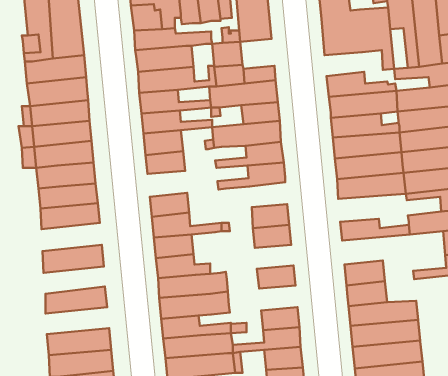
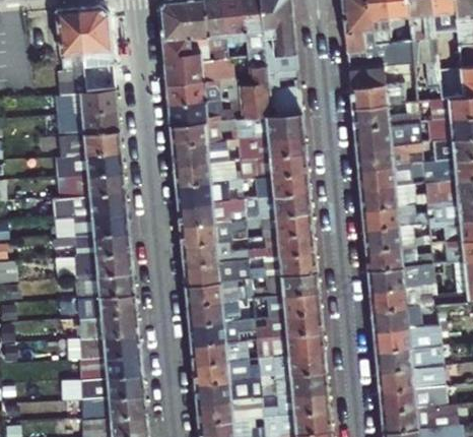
building: none -> [350,88,407,114]
building: none -> [178,206,247,232]
building: none -> [248,217,314,245]
building: none -> [363,230,431,256]
building: none -> [74,257,133,285]
building: none -> [367,268,435,298]
building: none -> [252,278,320,305]
building: none -> [76,300,136,326]
building: none -> [257,318,324,345]
building: none -> [78,339,140,366]

